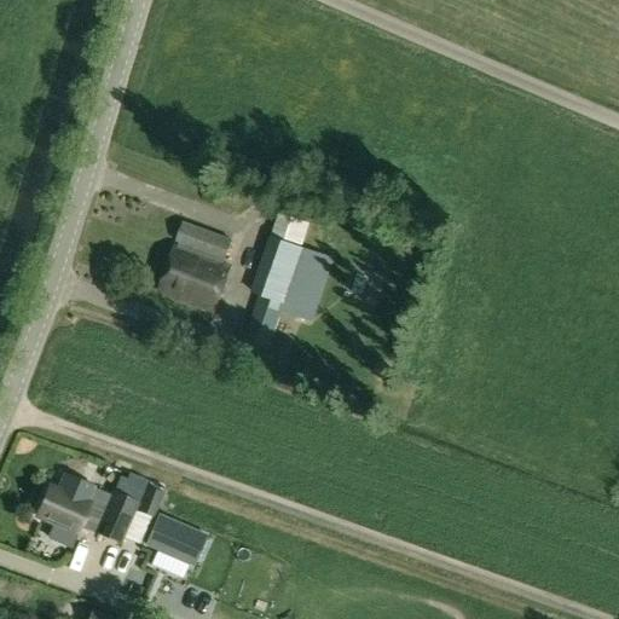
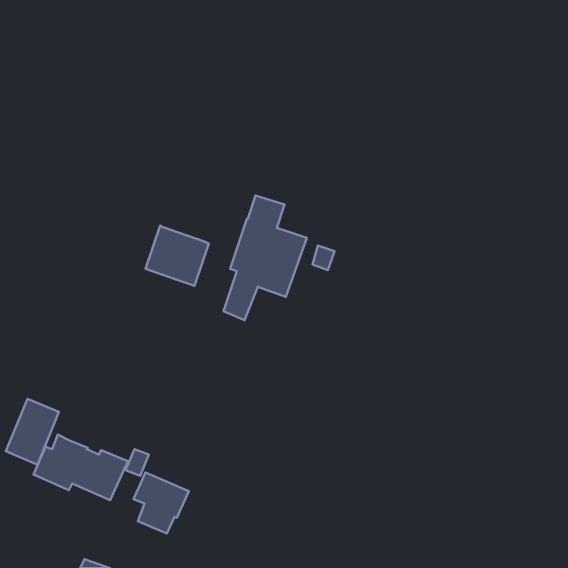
building: [174,221,231,262] -> none
building: none -> [6,399,59,465]

